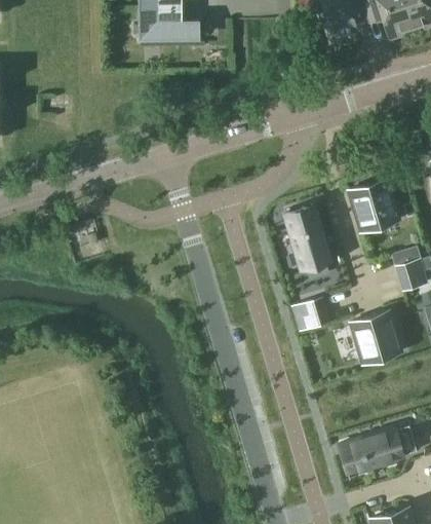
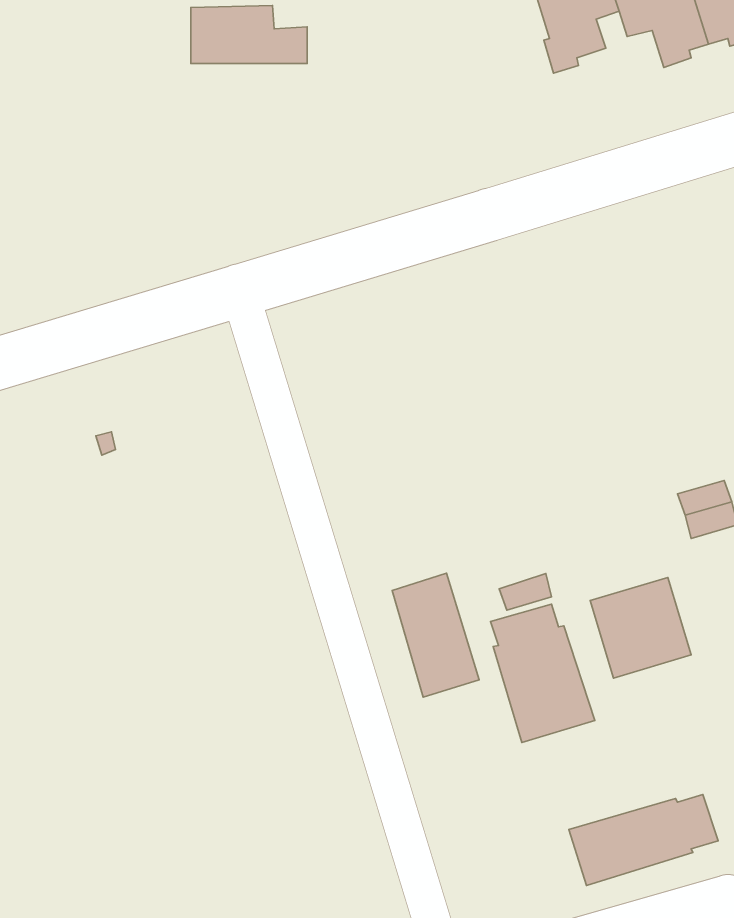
building: [347,179,400,232] -> none
building: [284,205,330,271] -> [392,573,479,697]
building: none -> [491,604,595,742]

